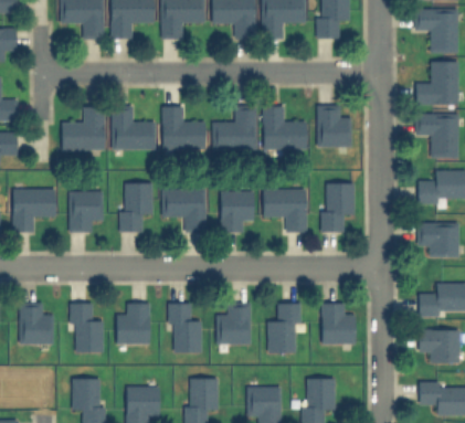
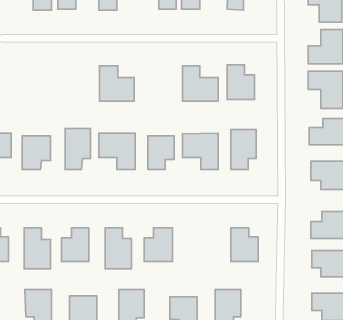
building: [114,106,156,150] -> none
building: [214,106,257,150] -> none
building: [63,108,105,150] -> none
building: [268,304,300,353] -> none

